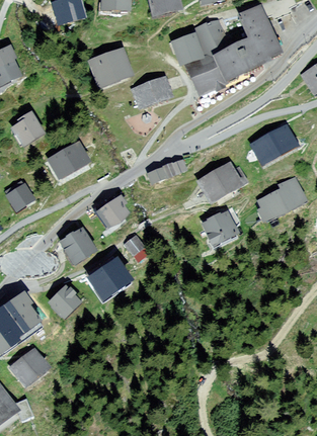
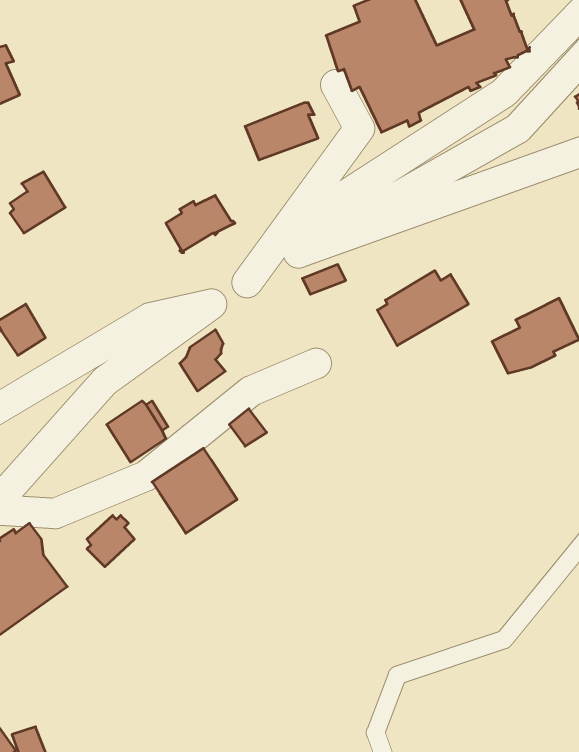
building: [91,52,129,83] -> none
building: [253,127,295,162] -> none
building: [52,146,87,175] -> [166,195,235,253]
building: [205,213,239,244] -> none
building: [13,351,47,383] -> none

